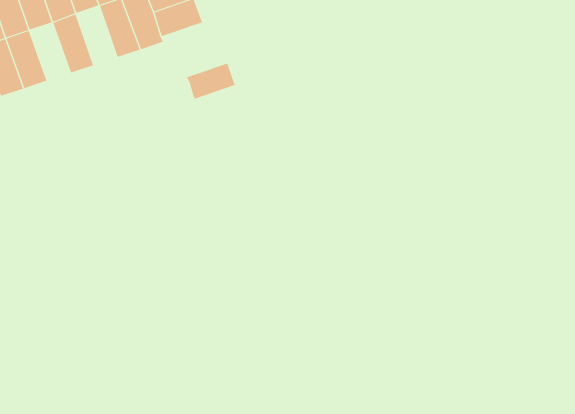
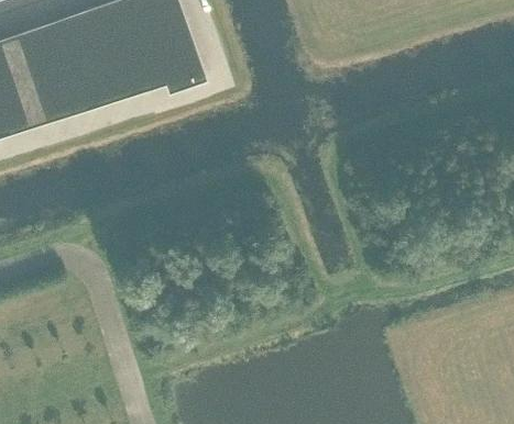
building: none -> [89,46,124,97]
building: none -> [50,60,85,110]
building: [186,63,235,99] -> [162,60,204,91]

